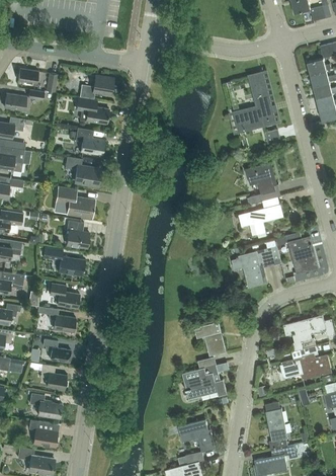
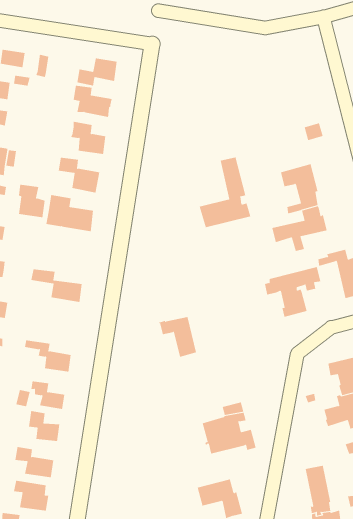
building: [233,73,275,131] -> [199,157,251,228]
building: [66,221,88,248] -> [18,184,45,218]
building: [49,284,78,308] -> none
building: [193,322,225,355] -> [158,316,197,357]

